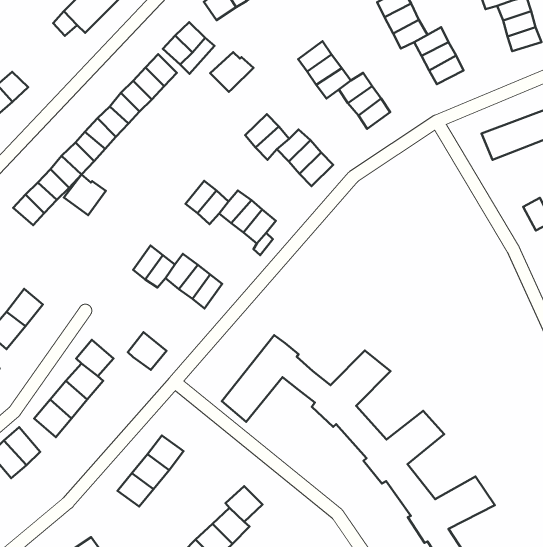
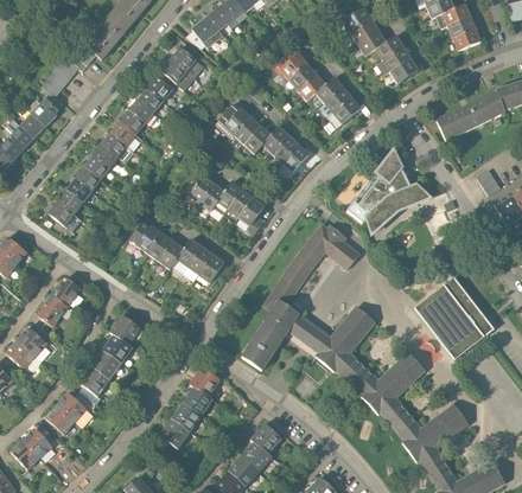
building: none -> [40,56,77,97]
building: [210,52,253,92] -> [221,104,256,137]
building: none -> [356,148,429,233]
building: [64,175,106,215] -> [134,220,168,254]
building: none -> [268,220,357,305]
building: none -> [412,276,492,359]
building: [128,332,167,370] -> [185,367,217,398]

